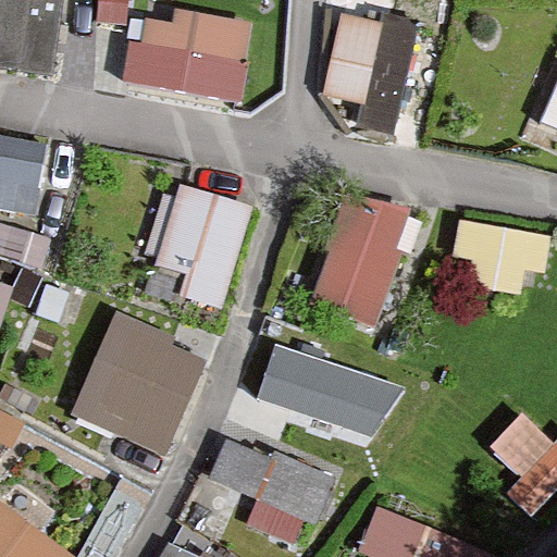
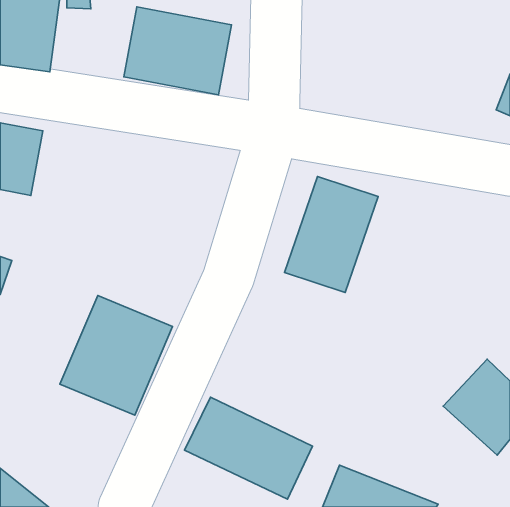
building: [323,10,418,131] -> none
building: [139,186,238,305] -> none
building: [451,216,550,292] -> none
building: [253,342,413,455] -> none

